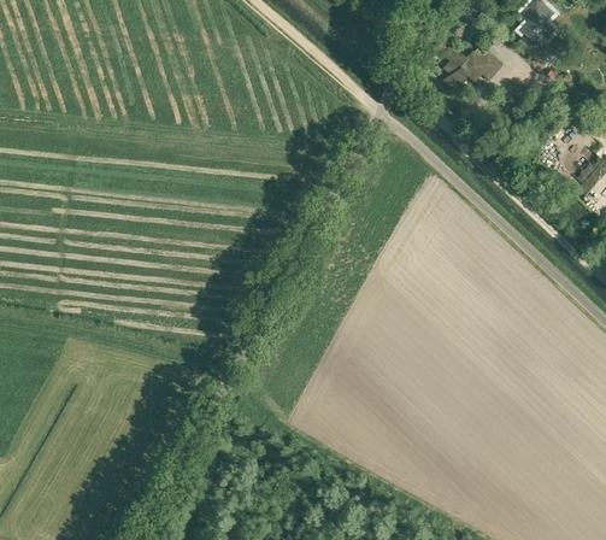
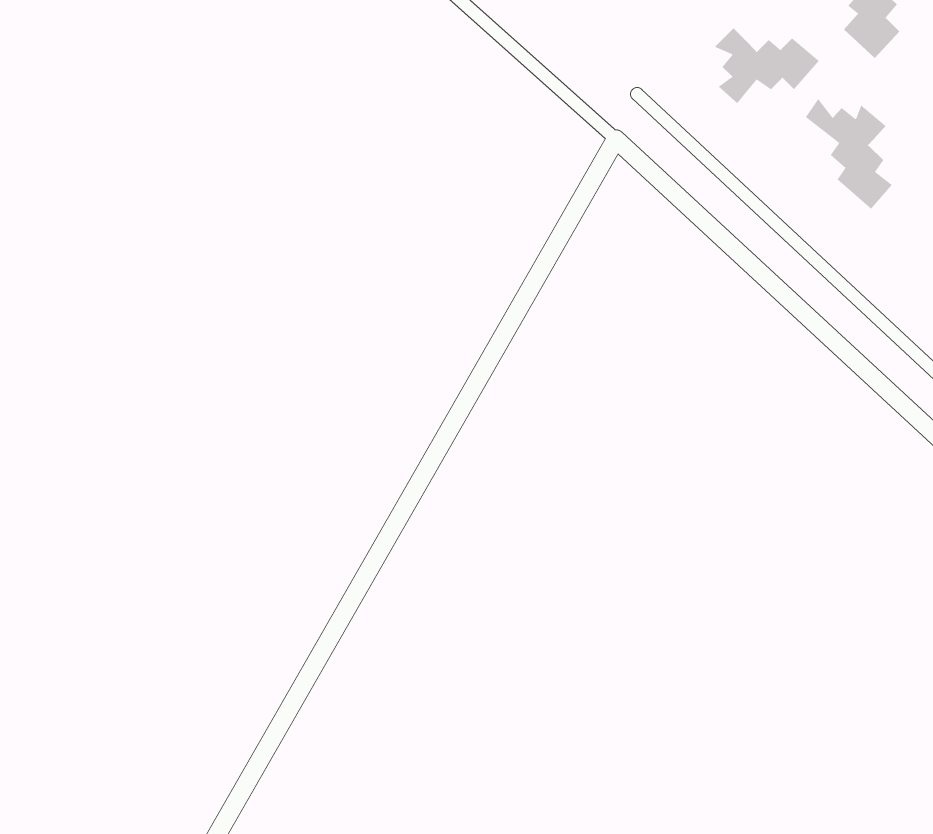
building: none -> [805,98,893,210]

